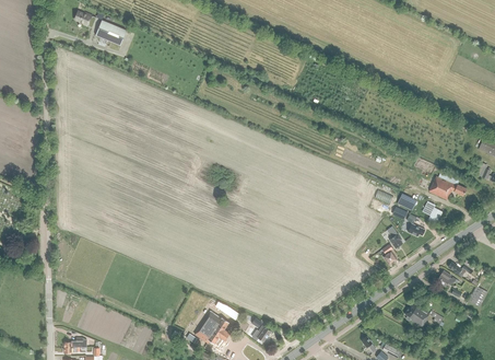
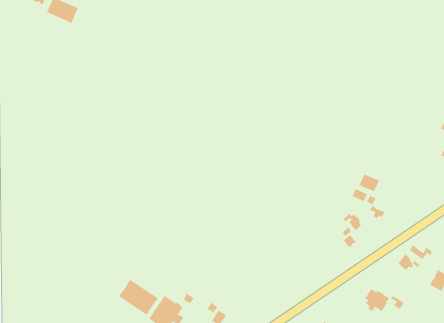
building: [429,176,467,200] -> none
building: none -> [118,279,158,315]

